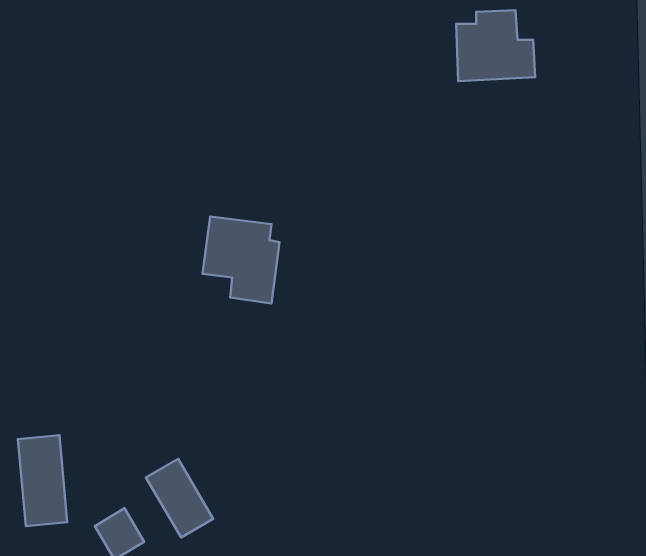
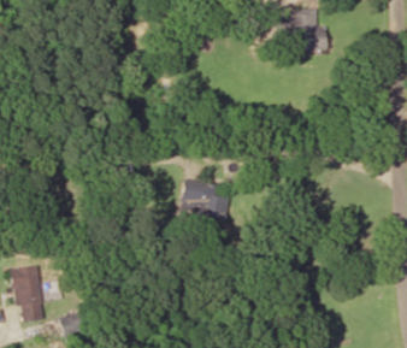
building: [202,216,279,303] -> [181,179,228,232]
building: [146,459,213,537] -> none

